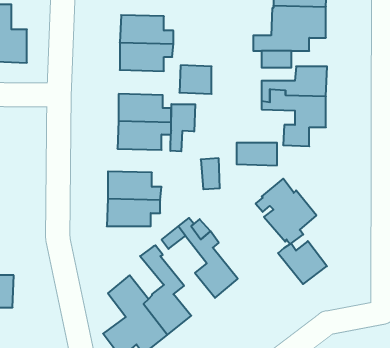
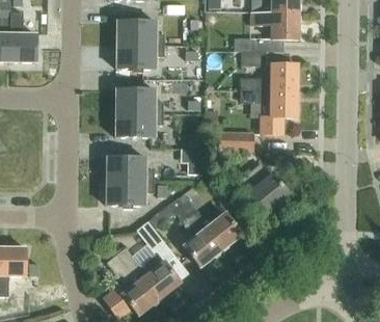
building: [170,104,195,151] -> none
building: [278,241,327,284] -> [198,212,241,249]

